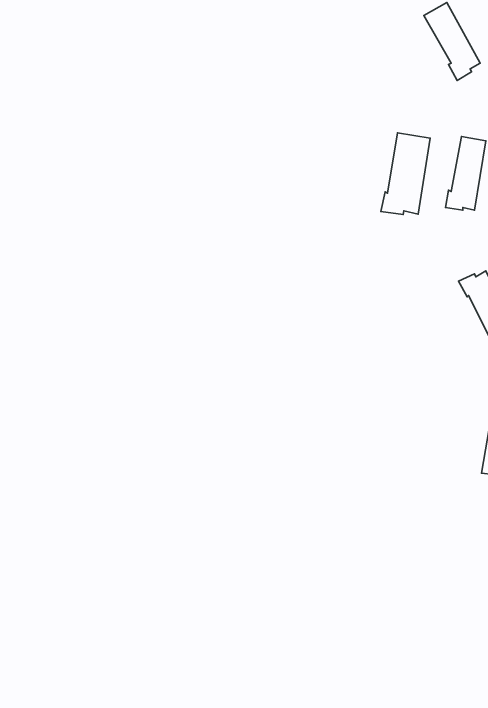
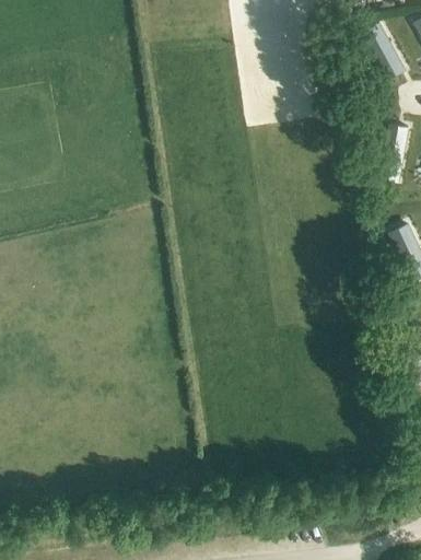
building: [381,133,430,215] -> none

